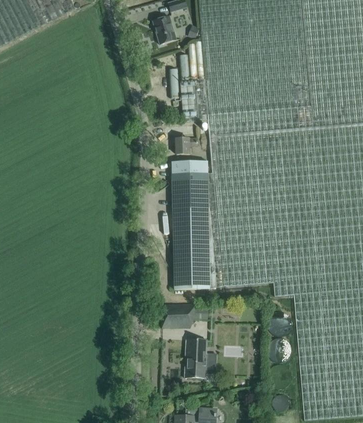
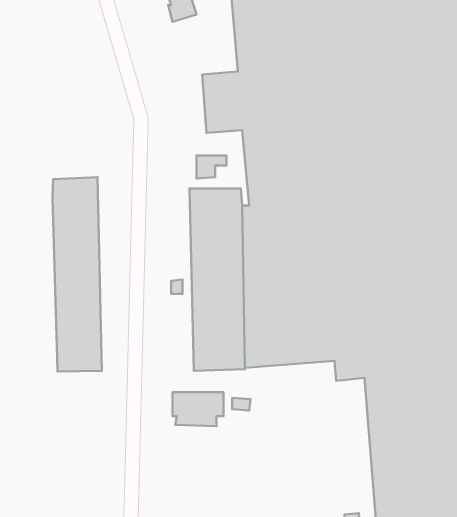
building: none -> [53,177,102,372]
building: [184,339,208,378] -> none

